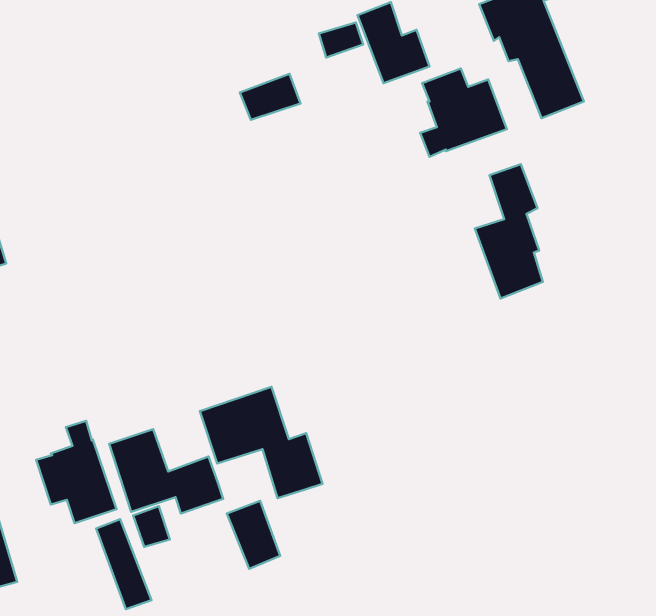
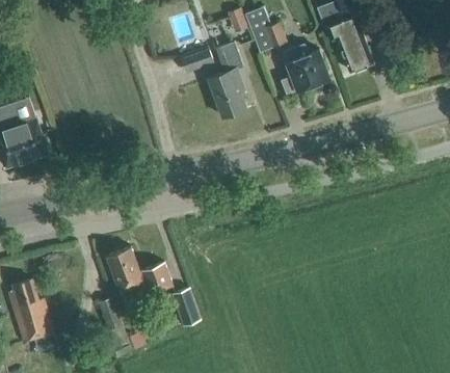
building: [475,164,543,298] -> [207,42,245,117]
building: [200,387,323,498] -> none
building: [36,421,117,523] -> none

